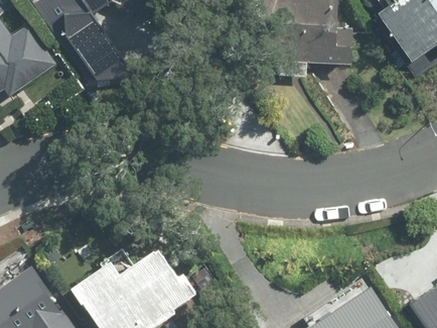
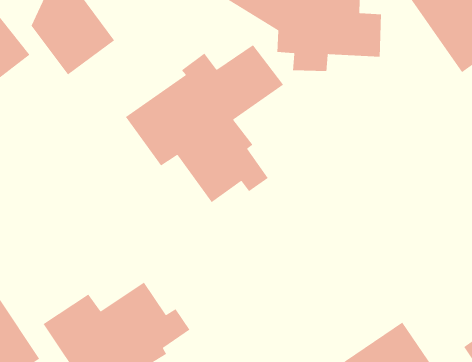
building: none -> [125,44,284,203]

